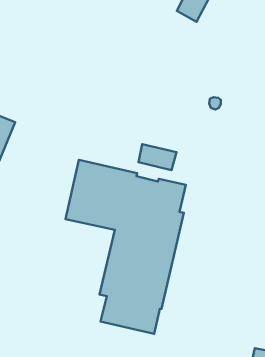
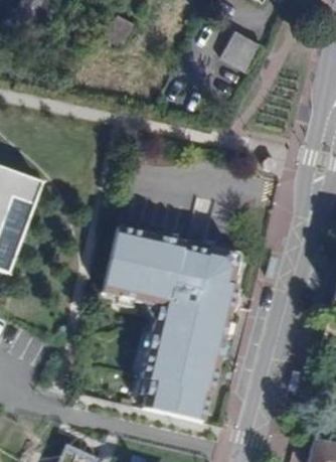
building: [138,144,177,170] -> none

